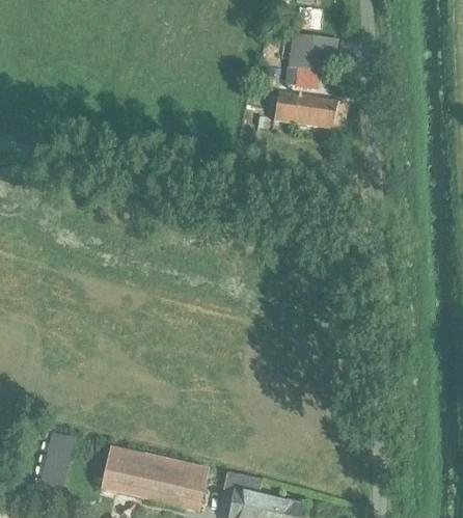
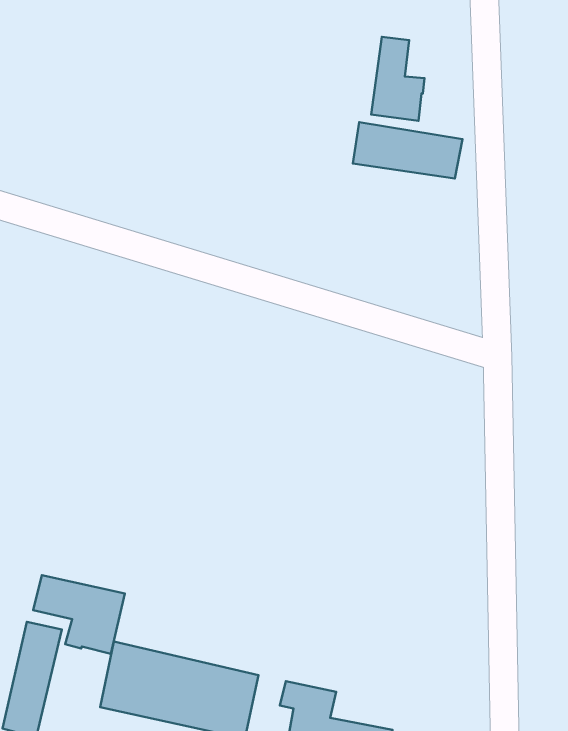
building: [308,34,337,61] -> none
building: none -> [33,575,125,654]

